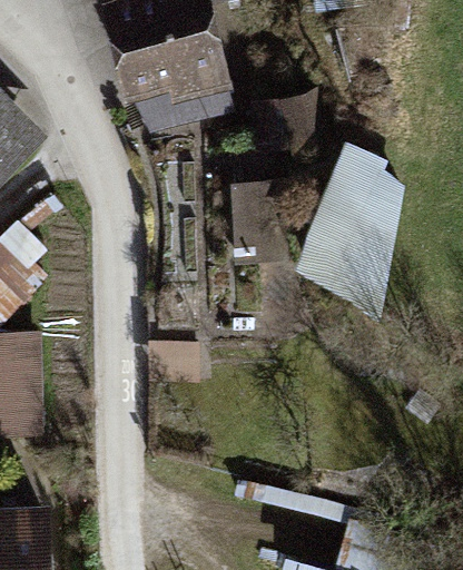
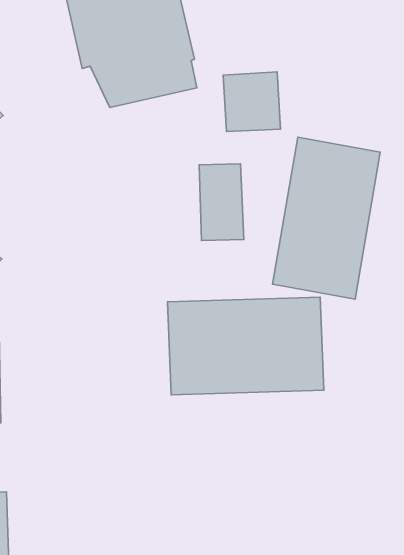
building: none -> [168,297,324,395]

